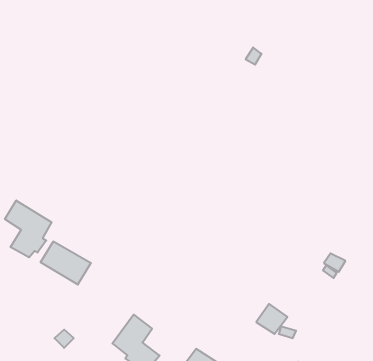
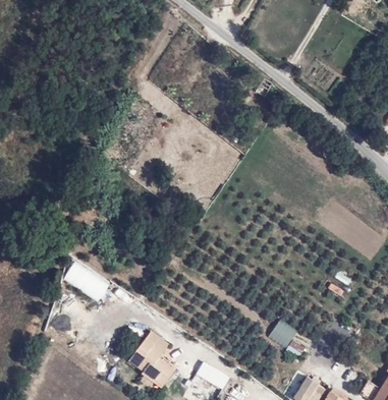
building: [5,200,52,257] -> none

